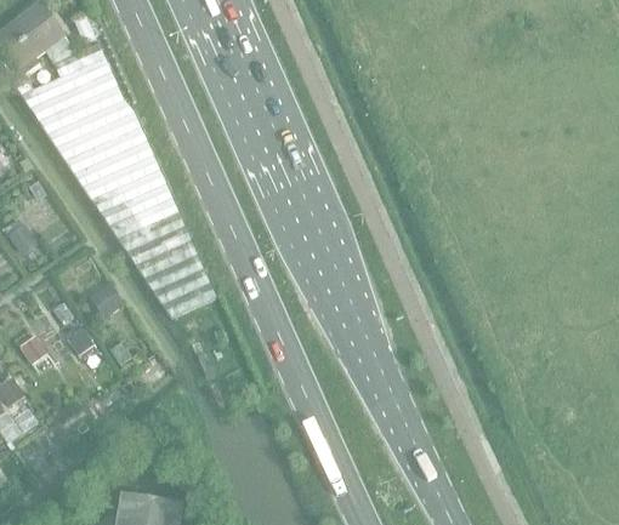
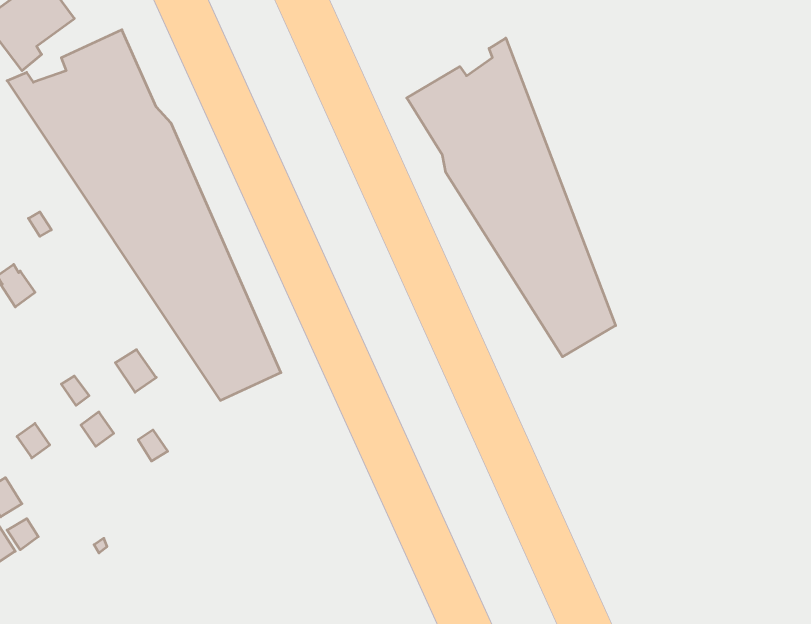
building: none -> [407,38,616,357]

